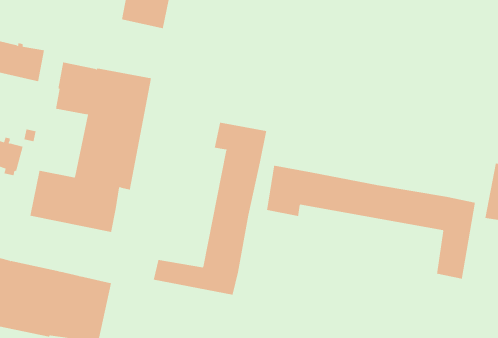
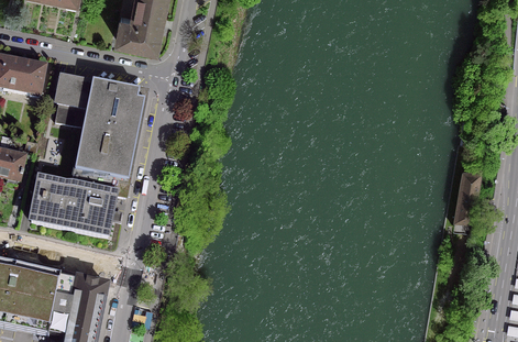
building: [153,122,267,295] -> none
building: [266,165,475,280] -> none

